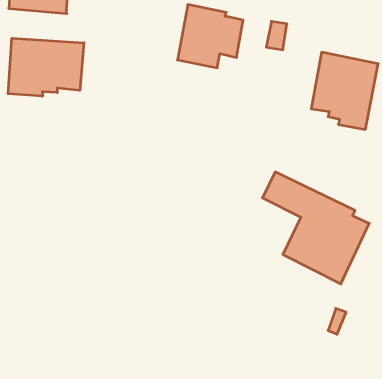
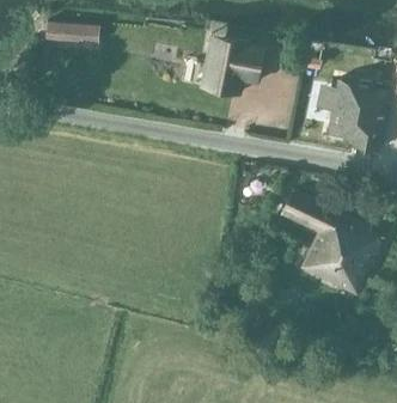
building: [8,38,84,96] -> none

